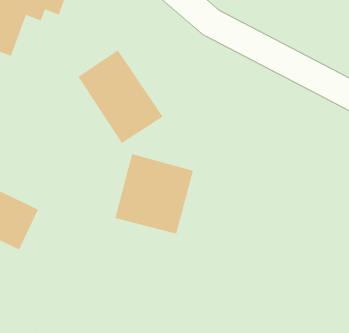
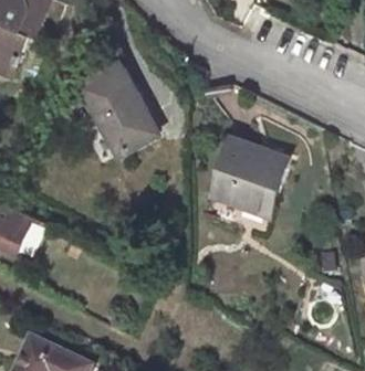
building: [114,154,194,234] -> [205,141,282,220]

